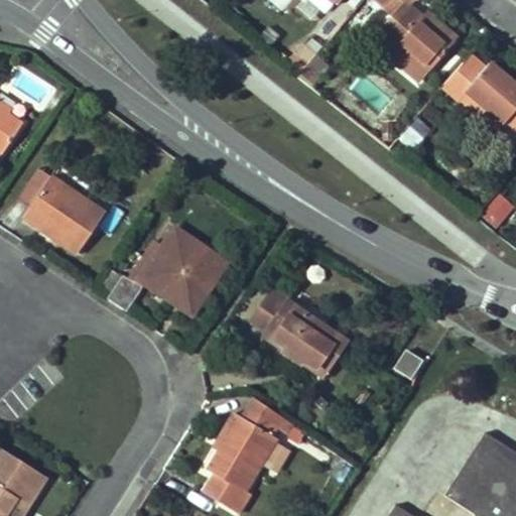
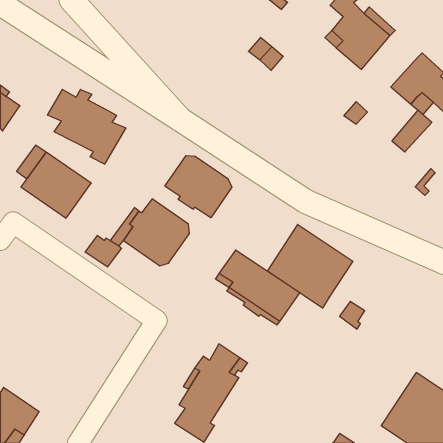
building: [439,52,486,101] -> [392,110,432,152]
building: none -> [48,89,126,164]
building: none -> [165,156,232,218]
building: none -> [268,224,353,308]

